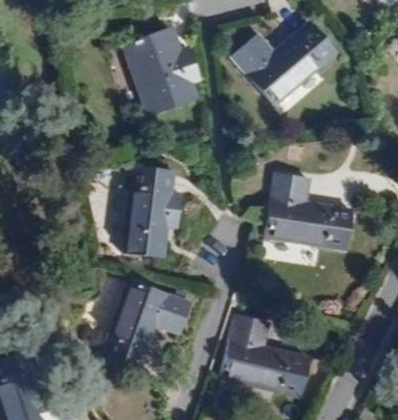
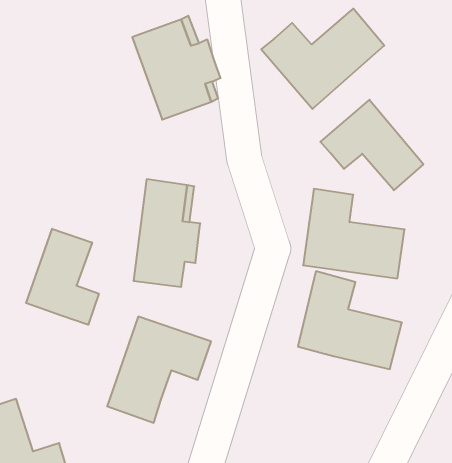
building: none -> [320,100,423,190]
building: none -> [26,229,99,325]
building: [222,314,309,397] -> [298,271,402,369]

